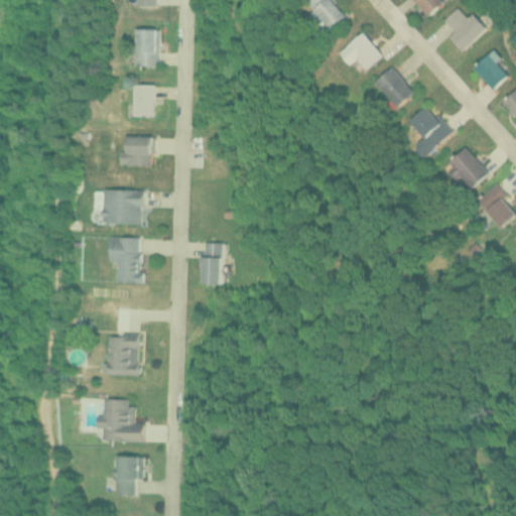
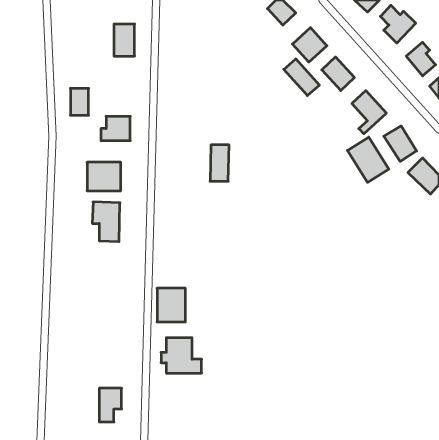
building: none -> [284,59,319,96]
building: [132,85,153,116] -> [70,88,89,115]
building: none -> [347,137,389,182]
building: [201,243,223,285] -> [210,145,229,181]
building: [106,335,139,374] -> [157,288,185,322]
building: [96,398,143,439] -> [161,338,202,373]

